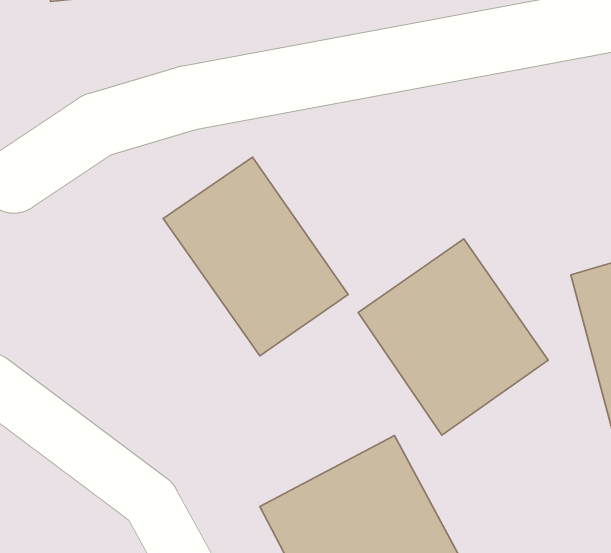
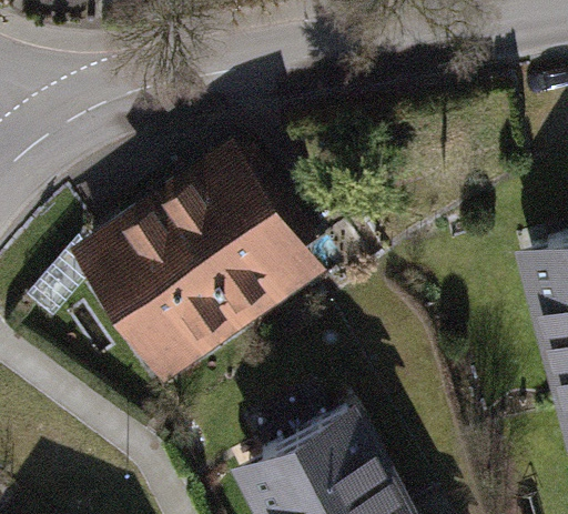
building: none -> [78,205,236,380]
building: [358,239,548,435] -> none

